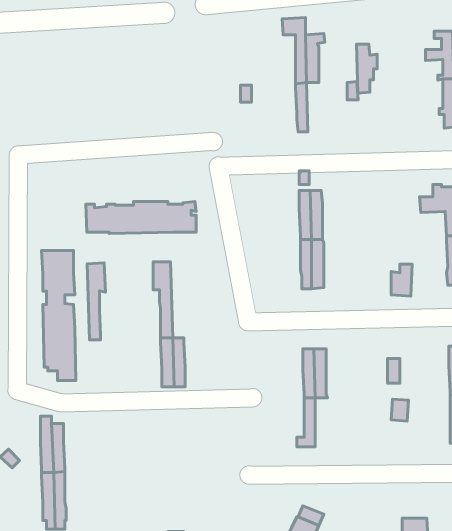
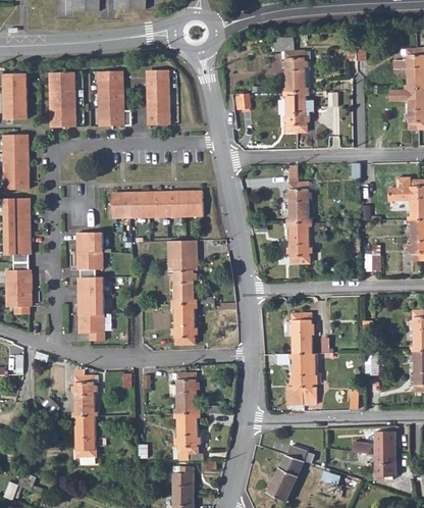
building: [356,44,377,93] -> [295,92,312,133]
building: none -> [147,69,171,124]
building: none -> [98,71,131,125]
building: none -> [49,72,76,128]
building: [87,263,106,340] -> [181,240,197,304]
building: none -> [302,354,316,405]
building: none -> [172,373,200,453]
building: none -> [352,431,394,454]

